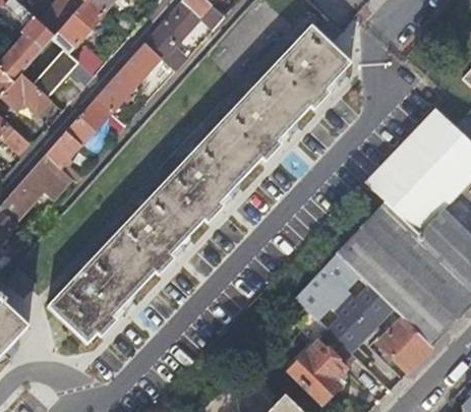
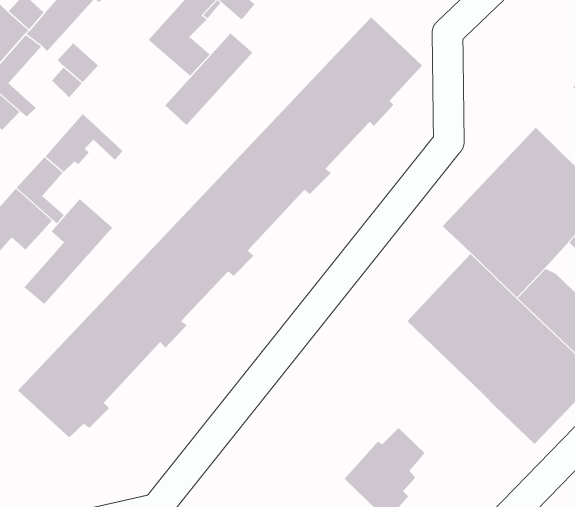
building: [95,43,161,113] -> [165,32,253,126]
building: none -> [23,198,113,305]
building: [295,253,394,352] -> none
building: [378,317,432,371] -> none

